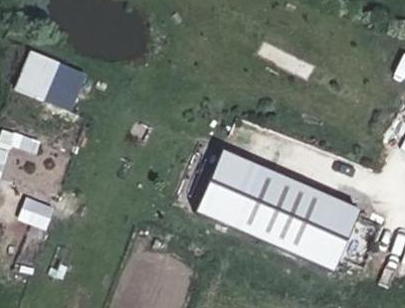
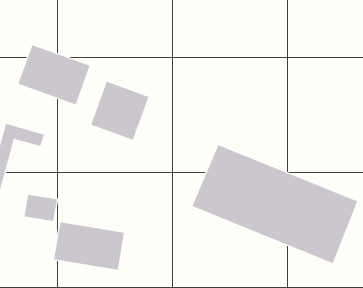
building: none -> [90,81,149,141]
building: none -> [54,221,125,271]

